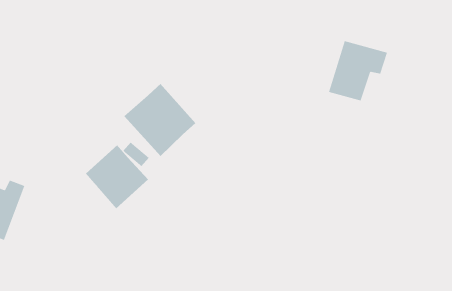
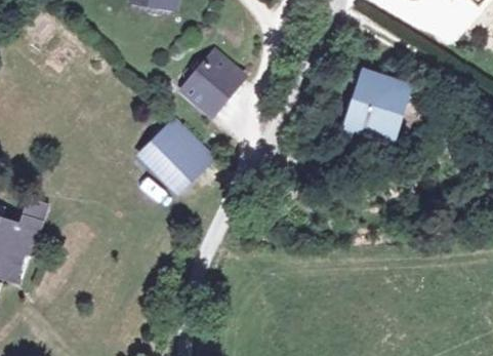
building: none -> [184,52,240,115]
building: [85,145,149,209] -> none

